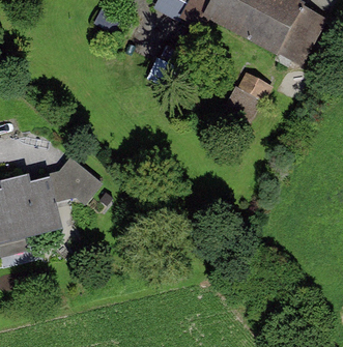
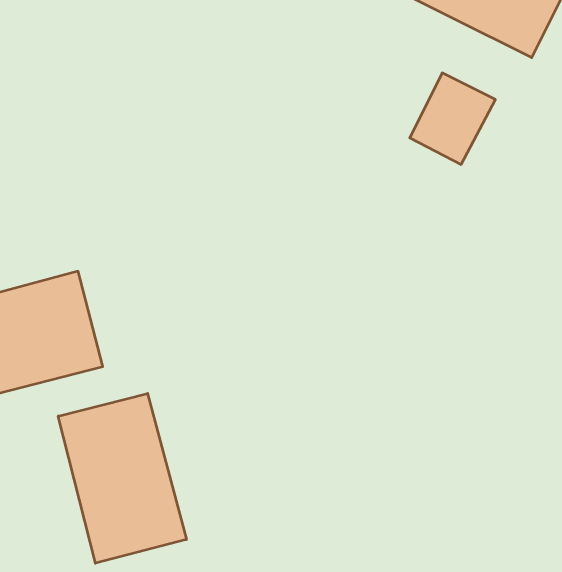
building: [58,162,109,208] -> none
building: none -> [58,393,186,563]

